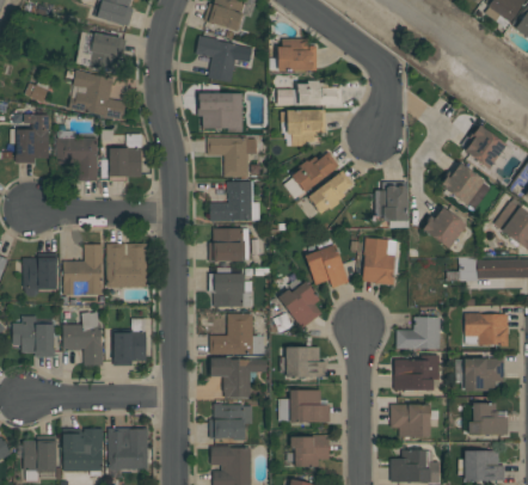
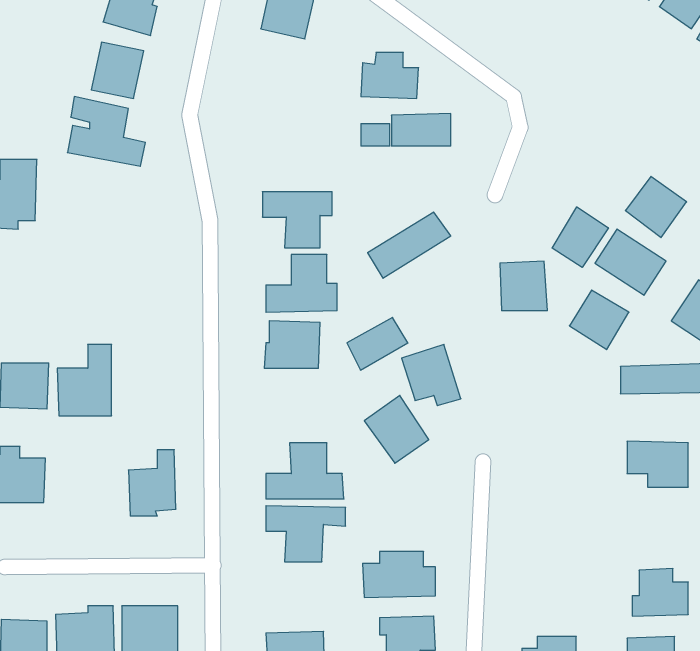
building: [196,37,253,82] -> none
building: [199,92,242,130] -> none
building: [281,110,325,146] -> none
building: [56,131,98,182] -> none
building: [109,147,142,178] -> none
building: none -> [552,207,608,267]
building: [308,176,351,213] -> [347,317,408,370]
building: [362,238,398,284] -> none
building: [106,244,147,288] -> none
building: [211,274,244,306] -> none
building: [62,313,102,366] -> none
building: [397,317,440,349] -> none
building: [284,346,326,379] -> none
building: [394,356,440,391] -> none
building: [463,358,505,392] -> none
building: [211,404,252,440] -> none
building: [391,404,431,438] -> none

